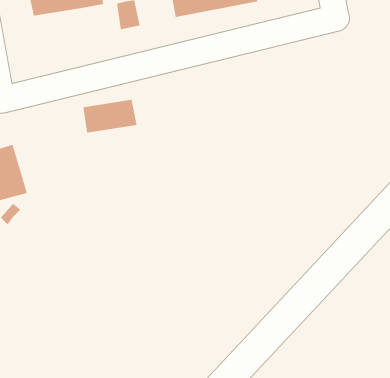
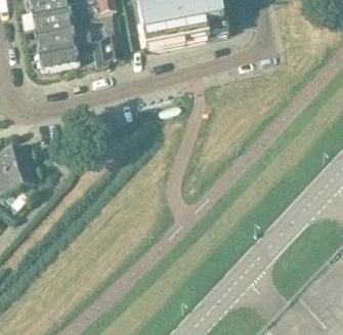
building: [83,99,137,134] -> [37,41,79,68]

